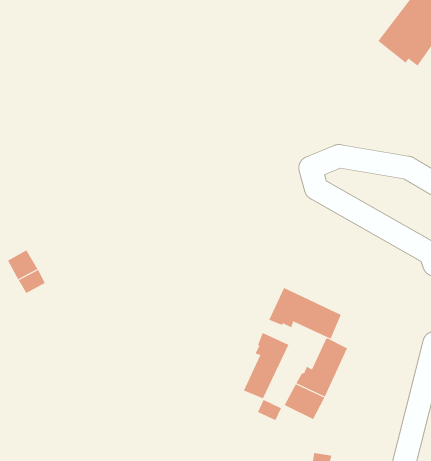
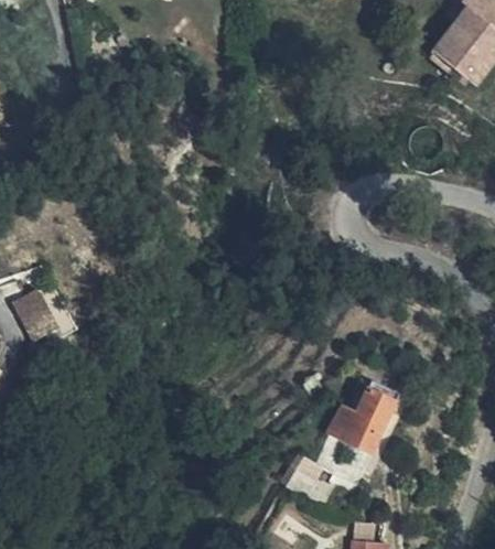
building: [268,287,341,339] -> none
building: [243,332,289,399] -> none

